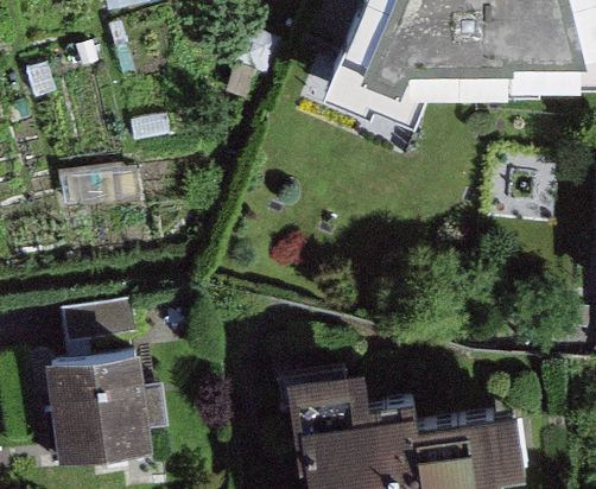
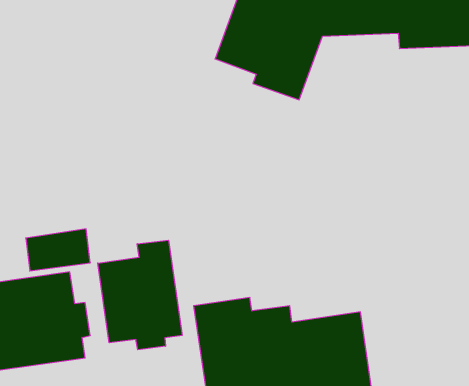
building: none -> [98,240,182,350]

